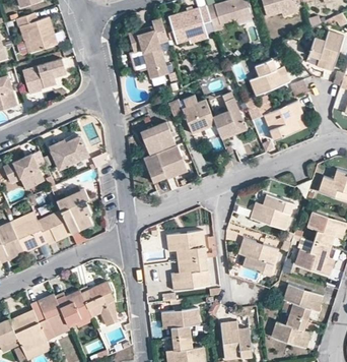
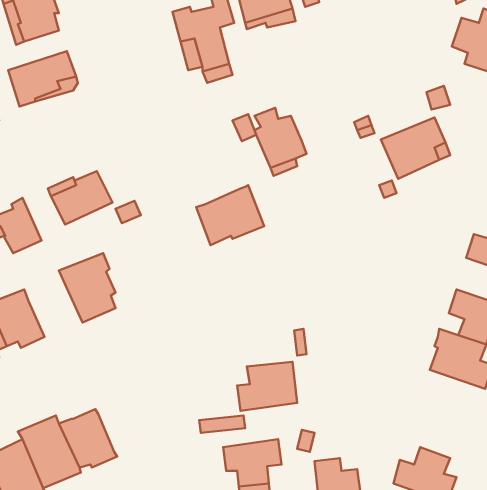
building: [250,59,289,95] -> none
building: [212,92,246,139] -> none
building: [140,122,176,157] -> none
building: [250,194,293,229] -> none
building: [37,208,71,244] -> none
building: [165,231,206,261] -> none
building: [237,238,278,275] -> none
building: [81,281,117,325] -> none
building: [282,284,323,320] -> none

